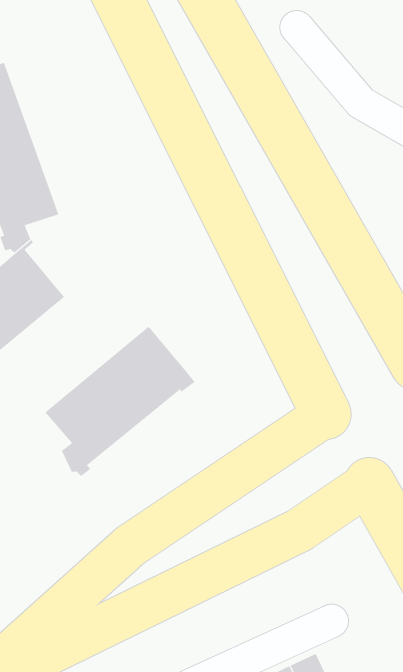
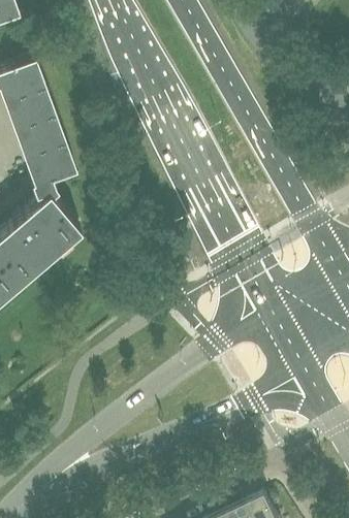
building: [45,326,196,477] -> none

